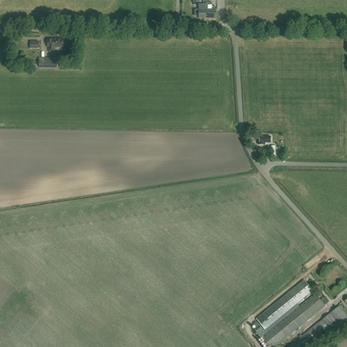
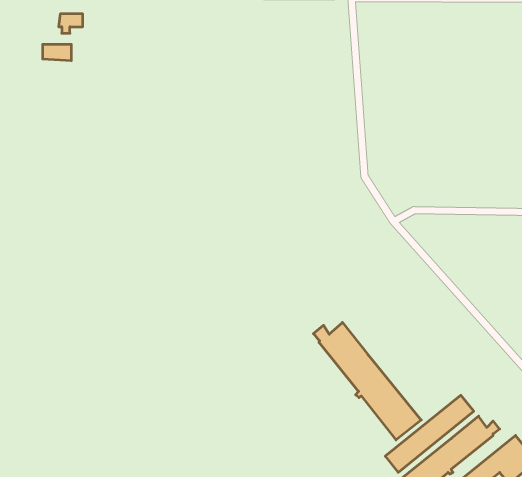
building: none -> [313,322,421,440]

